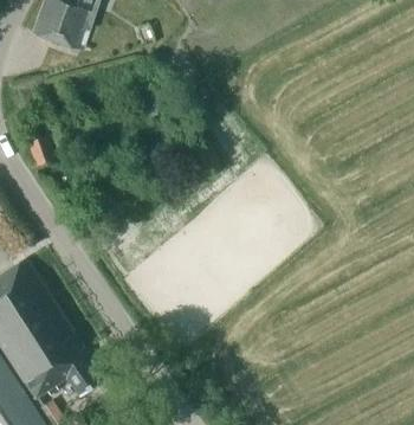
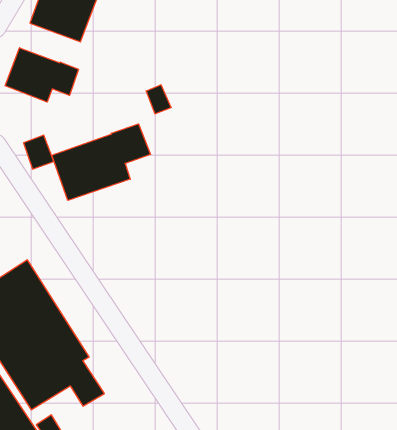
building: none -> [5,48,79,102]
building: none -> [52,124,151,200]

